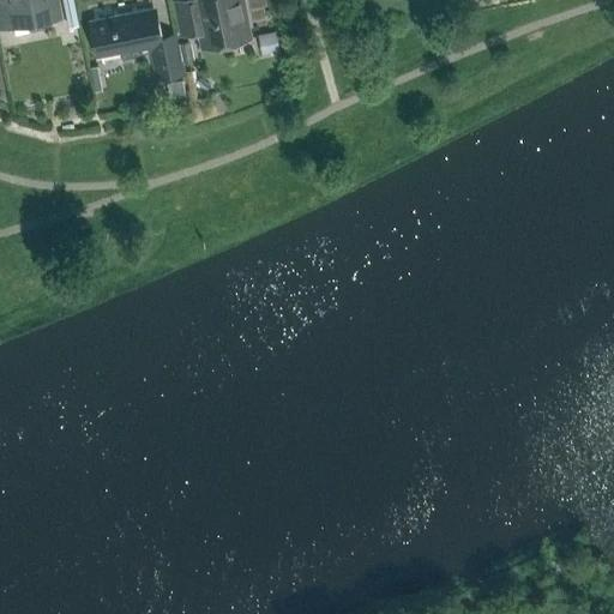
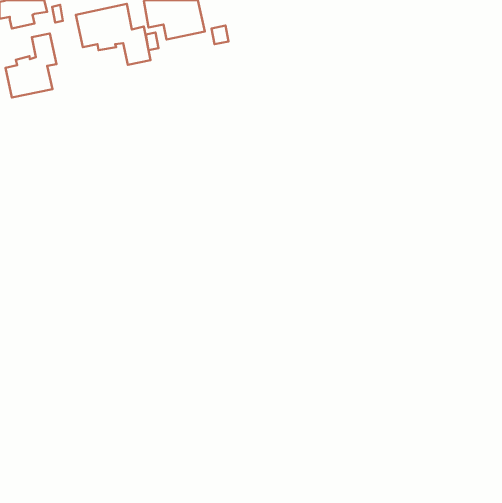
building: none -> [6,33,57,98]

